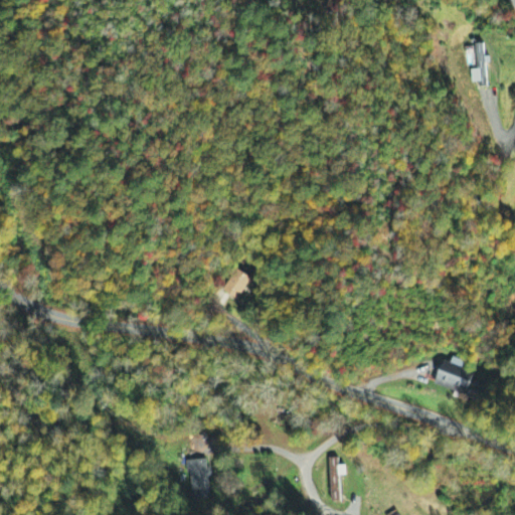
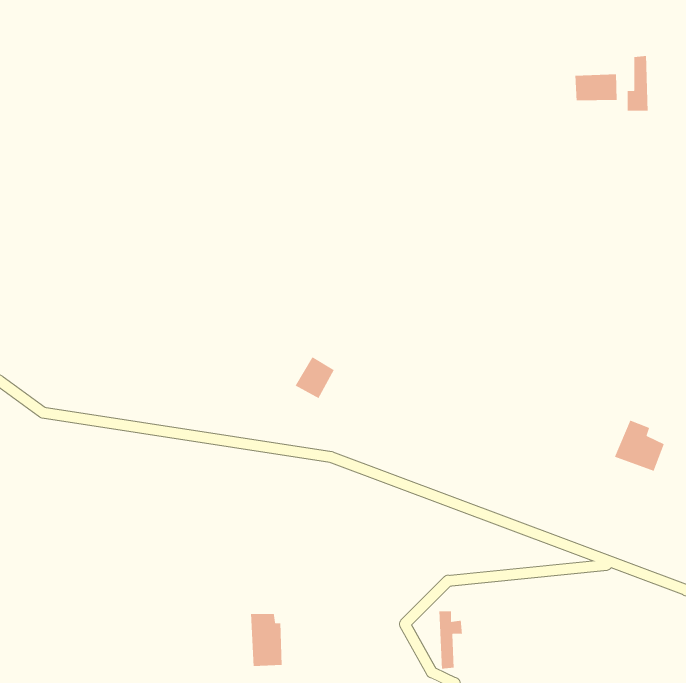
building: none -> [575,73,617,101]
building: [435,354,473,393] -> [614,420,665,472]

